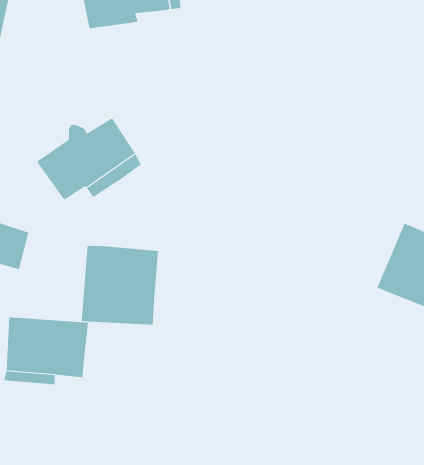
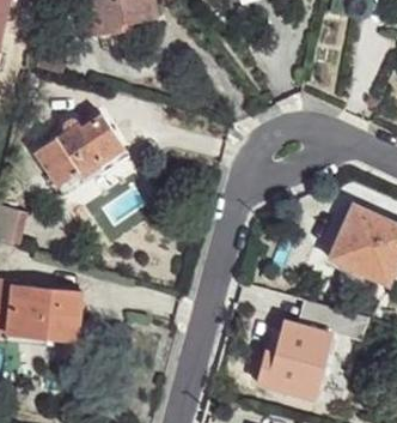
building: [81,245,158,326] -> none
building: none -> [254,302,364,400]

